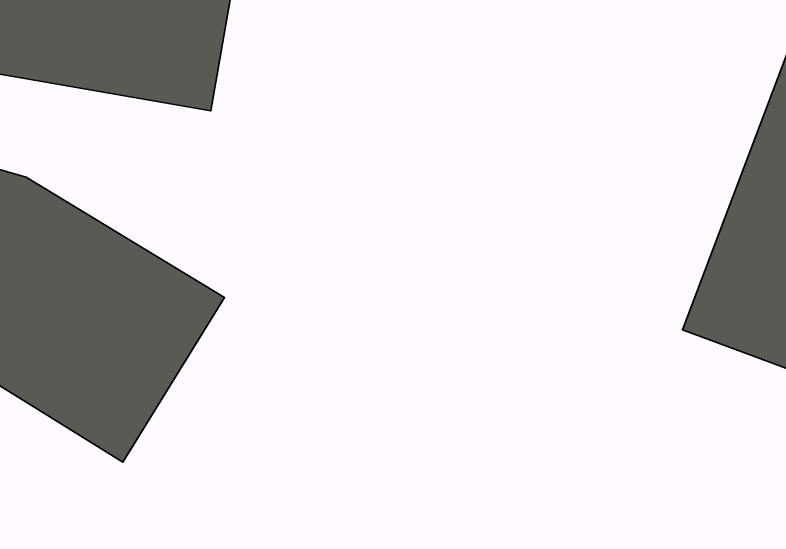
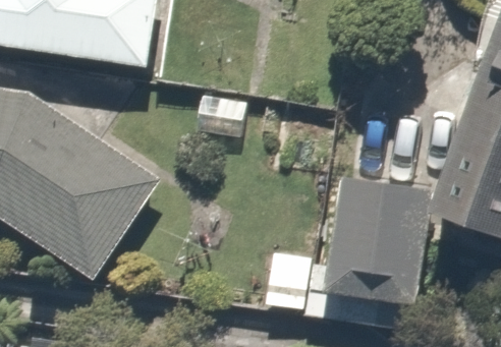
building: none -> [319,175,426,310]

